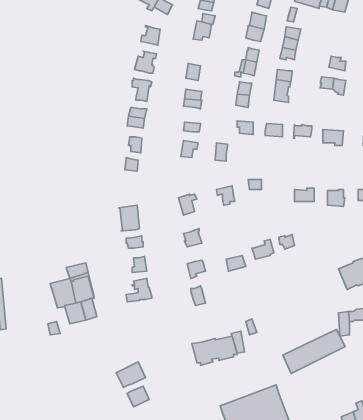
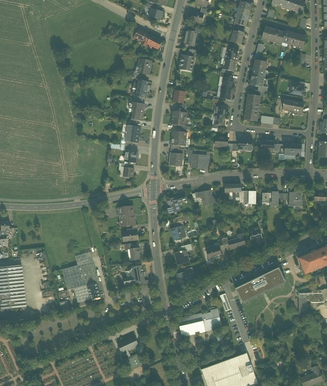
building: [283,329,345,373] -> [234,267,285,303]

